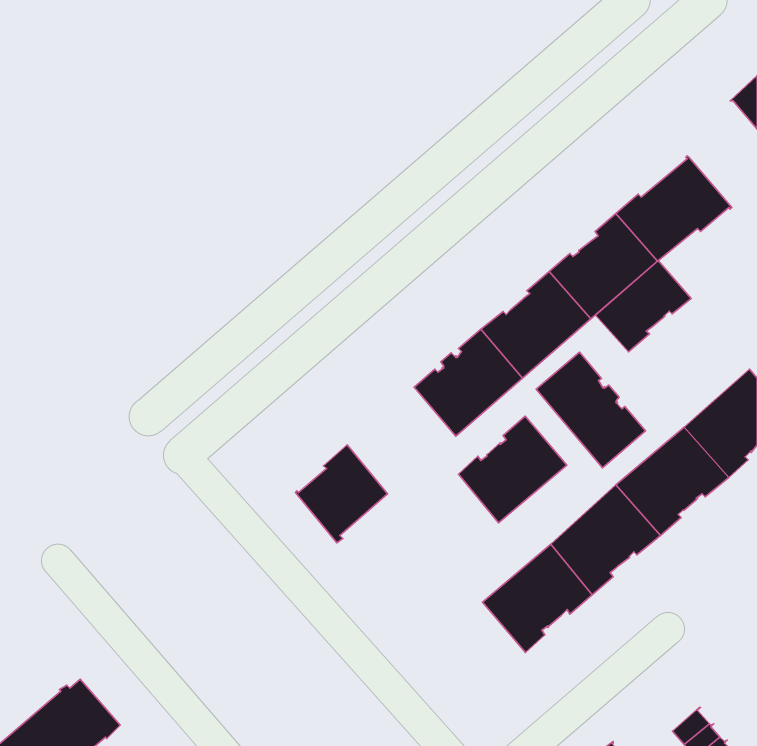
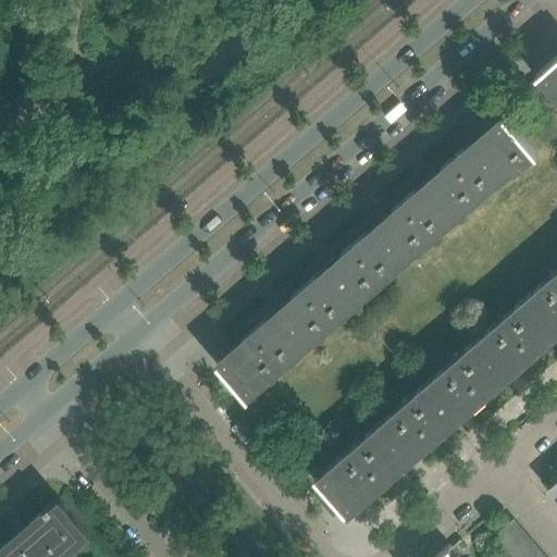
building: [595,260,691,352] -> none
building: [536,352,646,468] -> none
building: [459,416,567,523] -> [255,293,334,371]
building: none -> [314,450,385,519]

